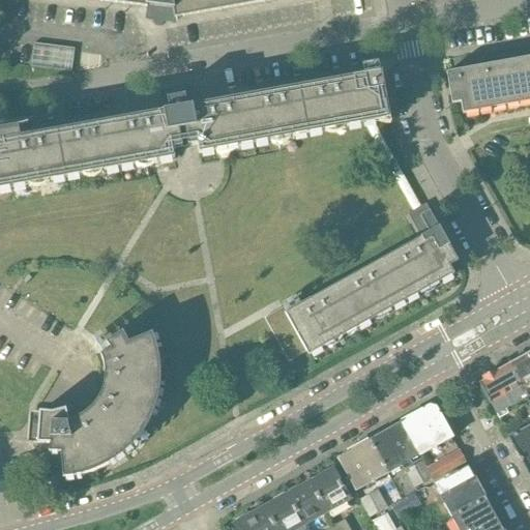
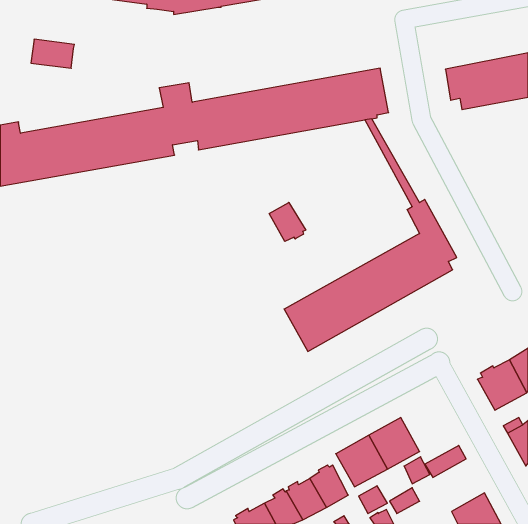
building: none -> [269,202,306,241]
building: [33,328,160,474] -> none
building: [402,403,452,452] -> none
building: [434,463,485,512] -> none

